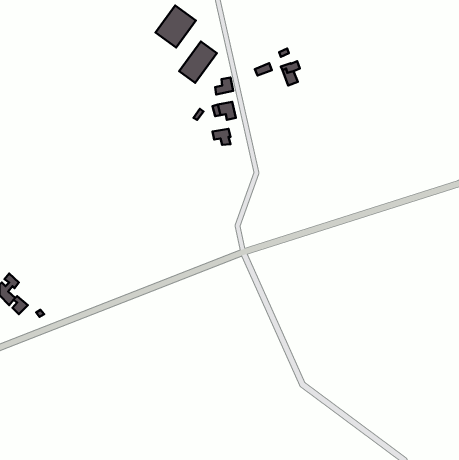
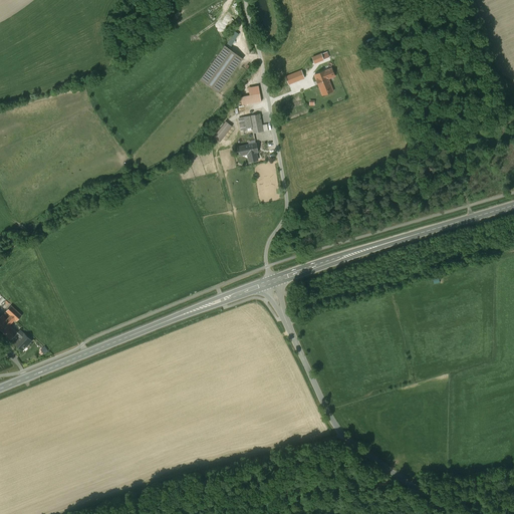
building: [156,5,196,48] -> none

